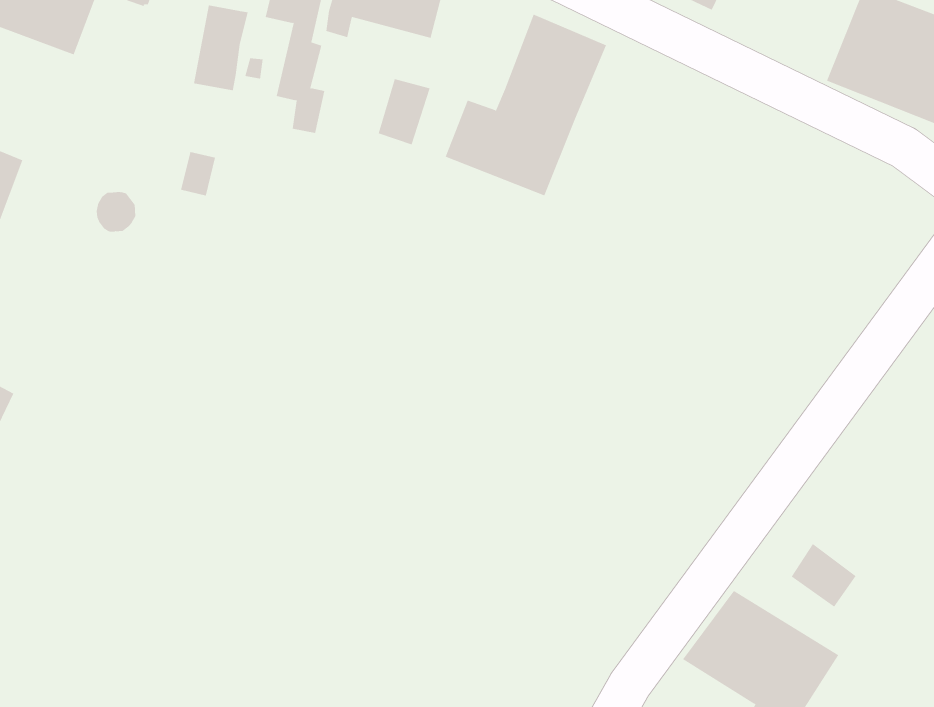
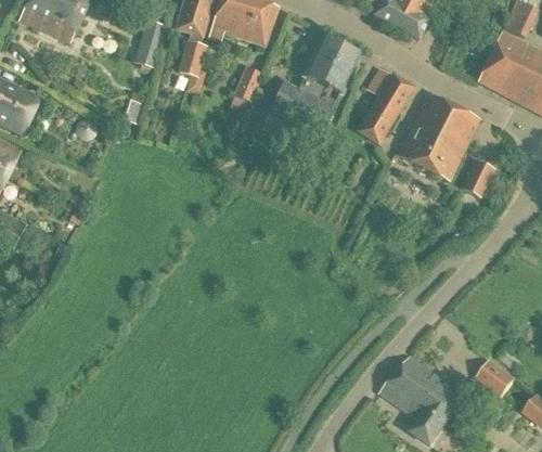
building: none -> [358,67,414,144]
building: none -> [398,92,480,181]
building: none -> [462,159,494,196]
building: [791,543,856,607] -> [478,357,514,392]

